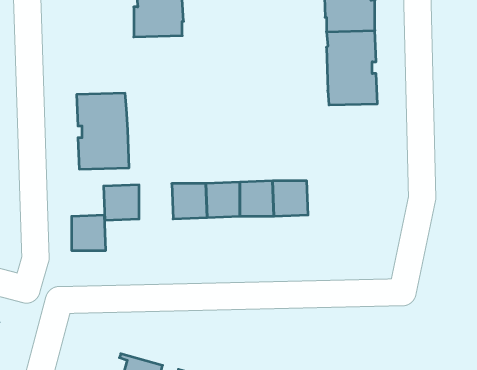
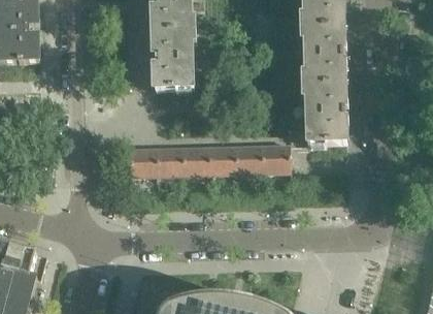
building: [77,93,129,169] -> [151,29,192,89]
building: none -> [303,83,343,143]
building: [72,215,106,250] -> [155,146,181,174]

